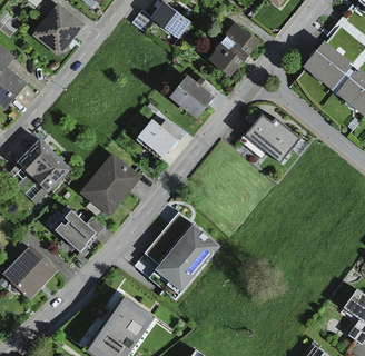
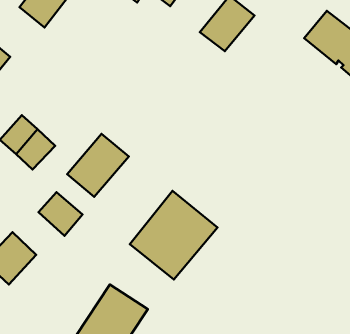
building: [167,78,210,120] -> none
building: [247,118,302,161] -> none
building: [134,122,174,160] -> none

